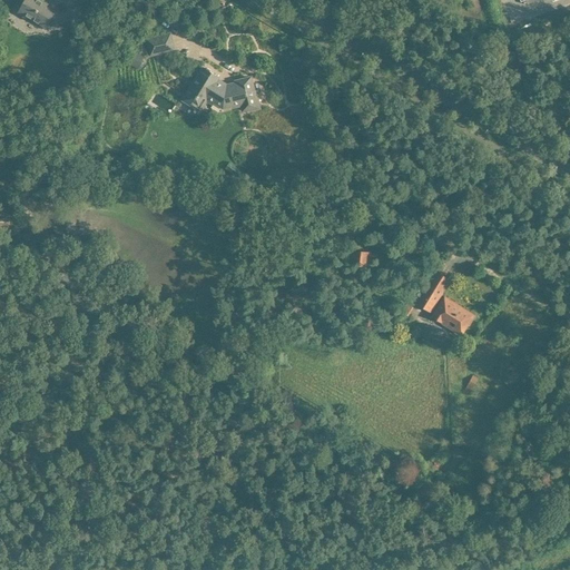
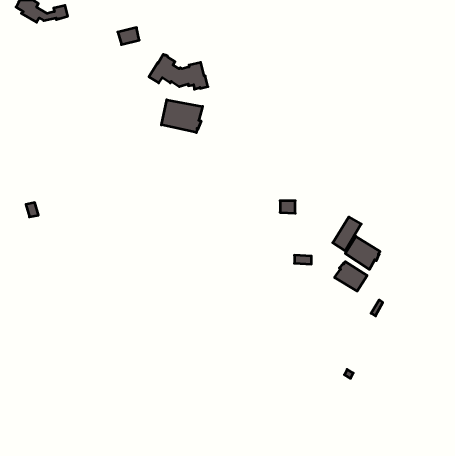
building: none -> [161,100,203,133]
building: none -> [335,262,367,291]

